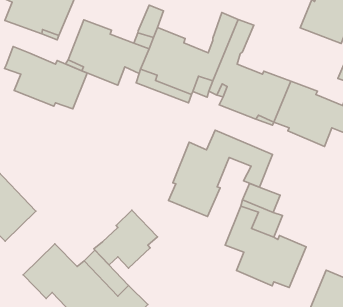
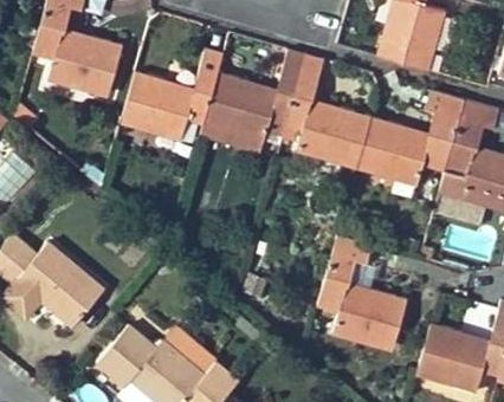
building: [5,46,87,109] -> none
building: [168,130,273,217] -> none
building: [94,210,157,268] -> none

